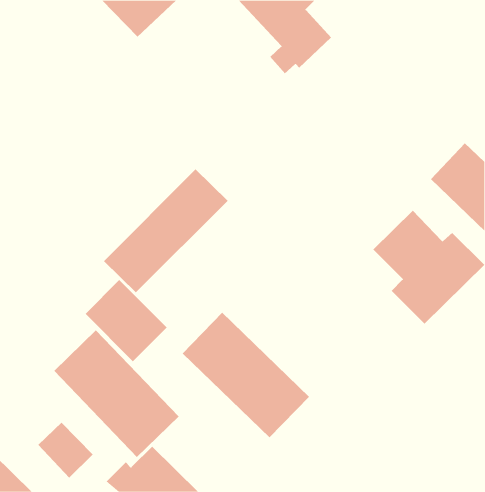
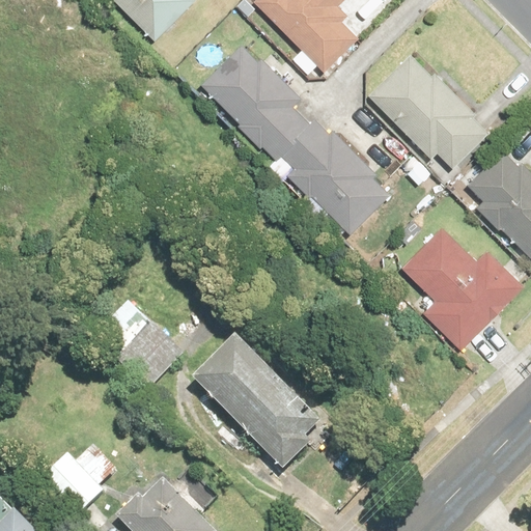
building: none -> [199,41,387,231]
building: none -> [370,59,493,168]
building: [103,168,228,293] -> none
building: [53,330,179,458] -> none

